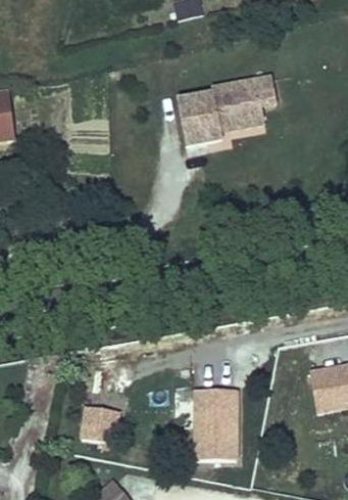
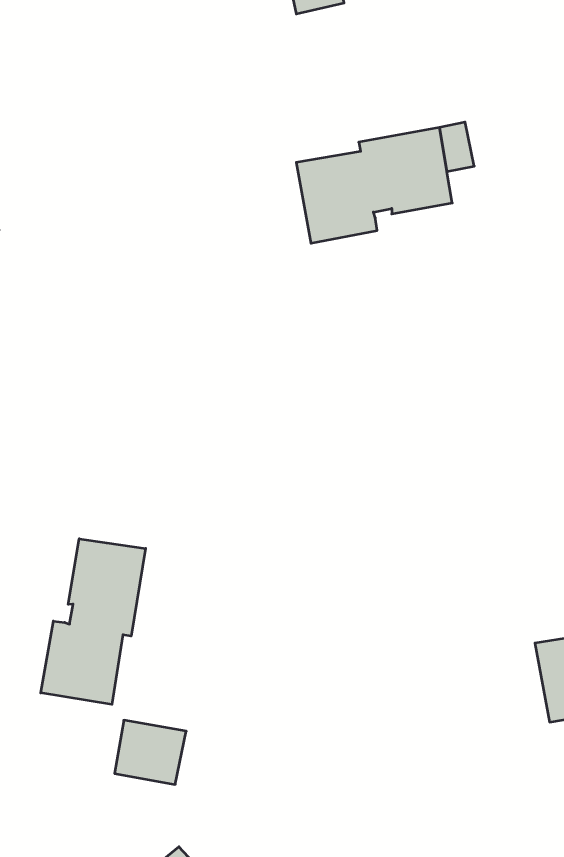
building: none -> [41,539,146,704]
building: [198,390,239,459] -> none

